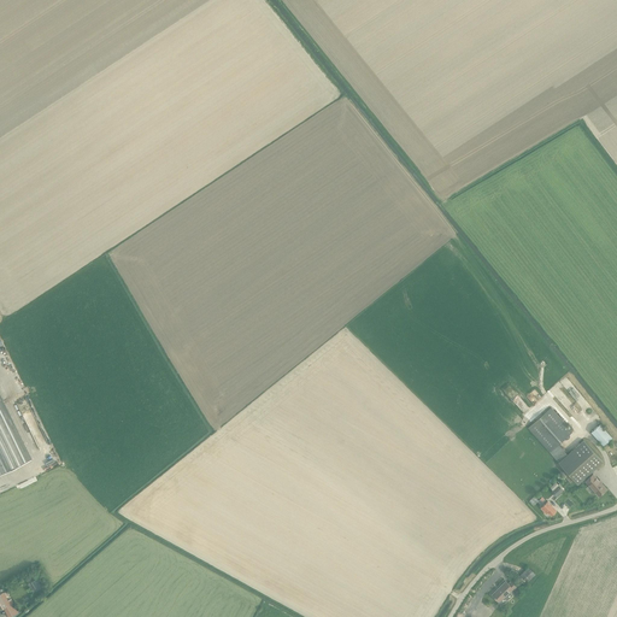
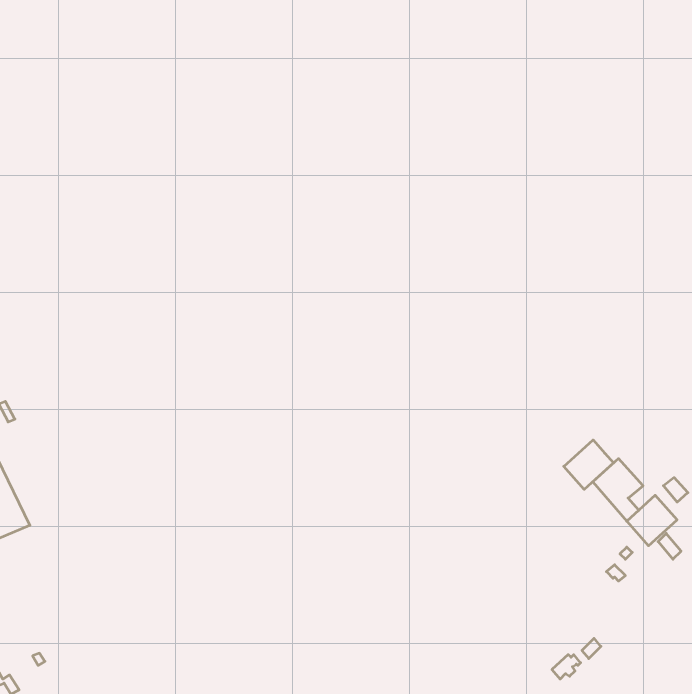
building: none -> [564,440,614,489]

